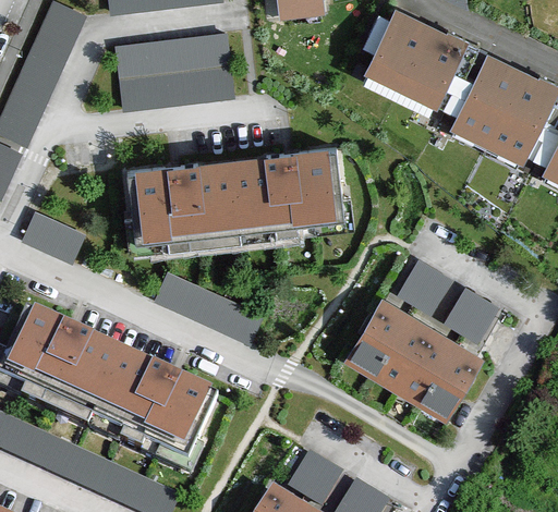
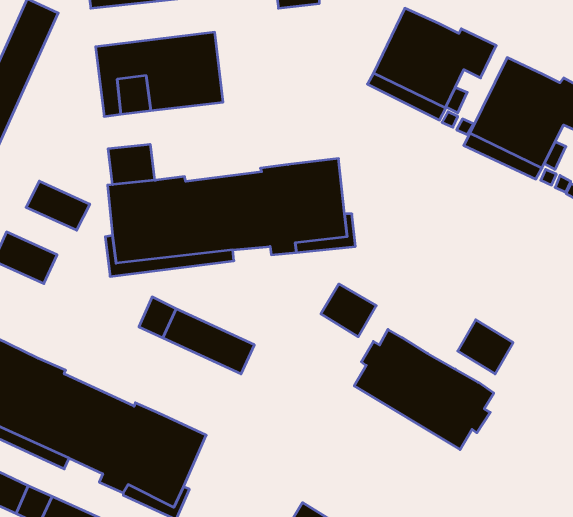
building: none -> [108,144,155,185]
building: none -> [26,181,90,230]
building: [399,264,449,312] -> [321,284,376,337]

